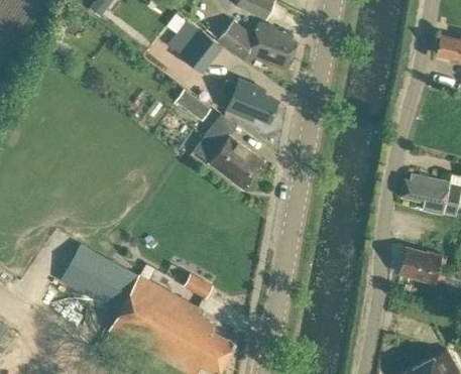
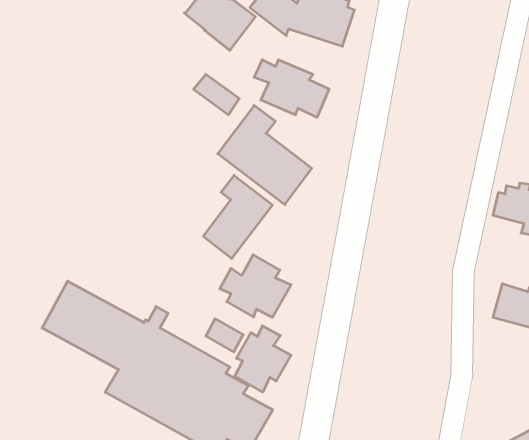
building: none -> [203,175,272,259]
building: none -> [220,255,291,317]
building: none -> [235,326,291,392]

